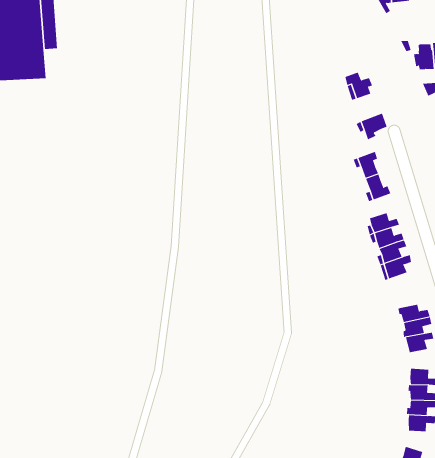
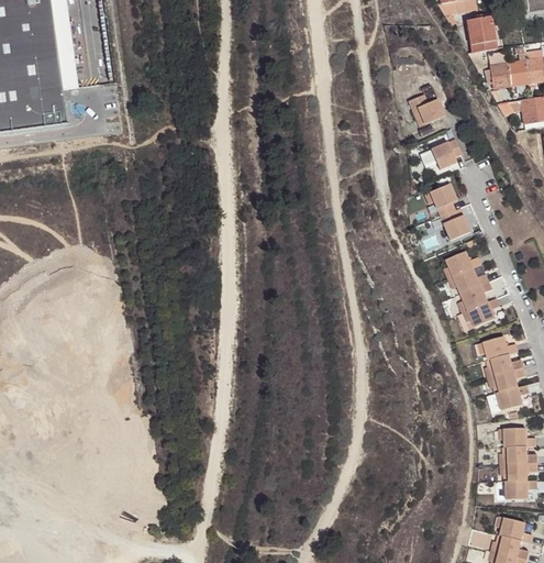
building: none -> [467,15,497,52]
building: none -> [481,336,517,360]

